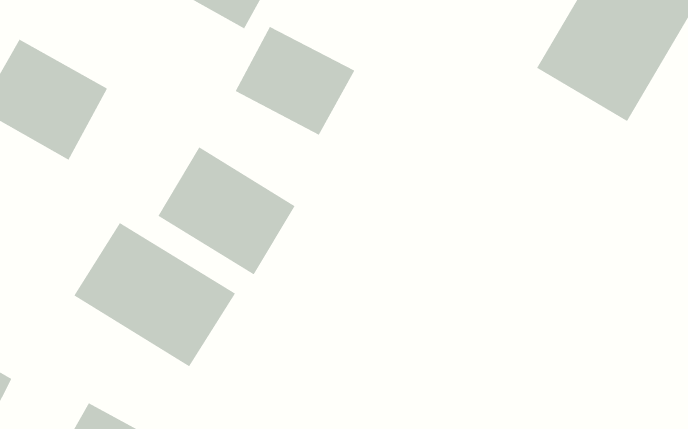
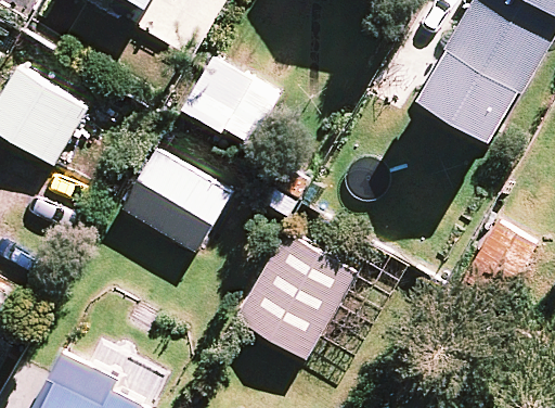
building: [73,222,236,367] -> none
building: none -> [236,227,357,354]

